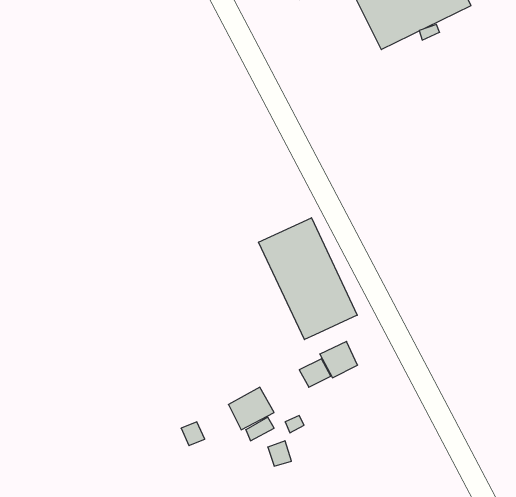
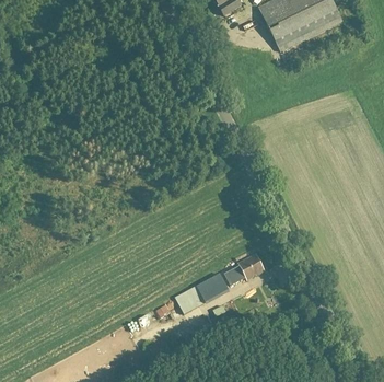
building: [259,218,357,340] -> none
building: none -> [197,273,229,303]

